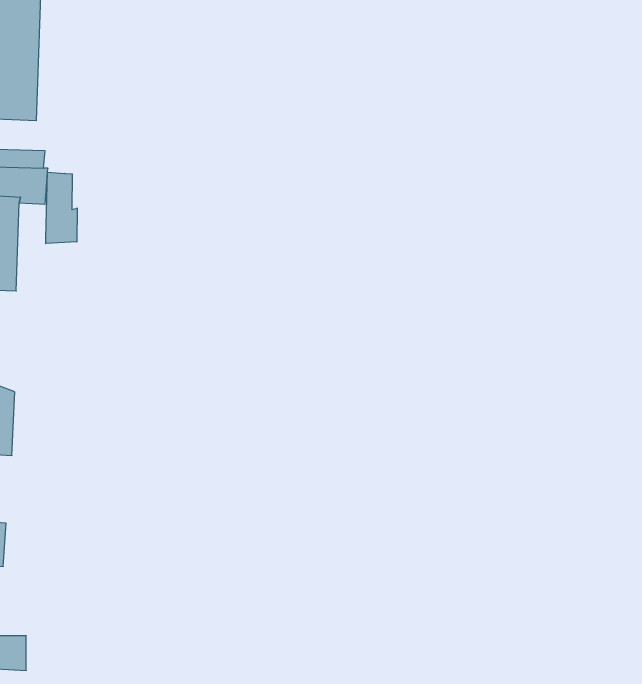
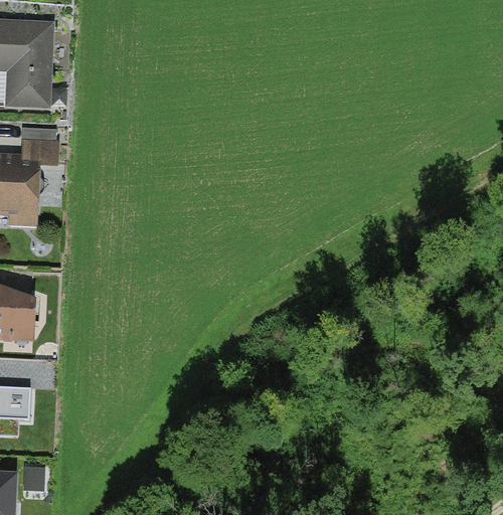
building: [46,172,77,244] -> none

